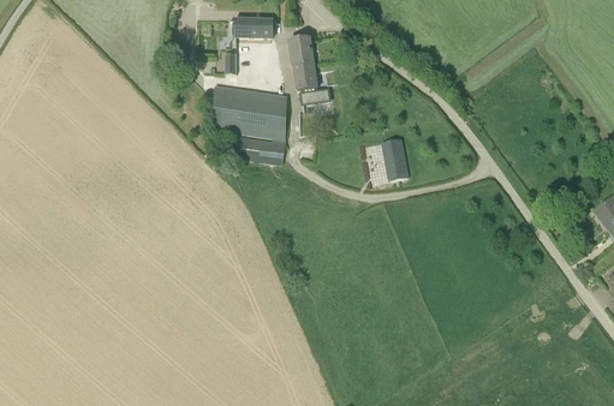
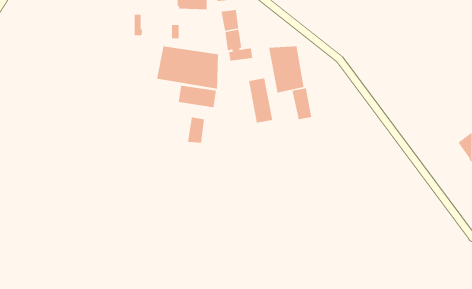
building: none -> [268,45,304,93]
building: none -> [248,77,273,124]
building: none -> [187,116,205,143]

